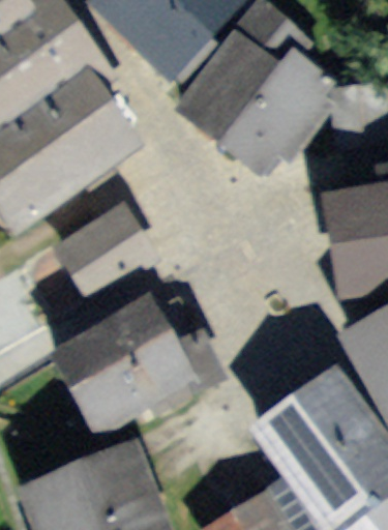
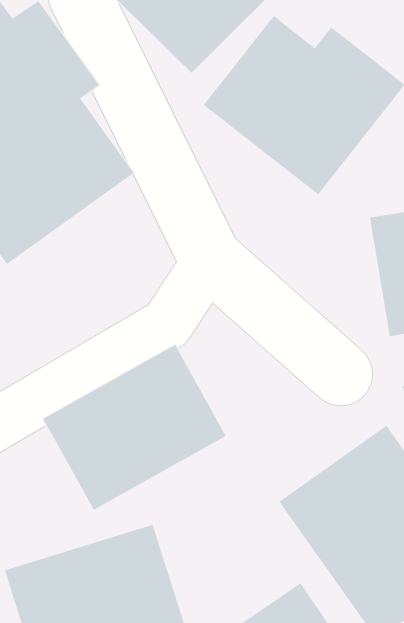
building: [57,207,154,302] -> none

